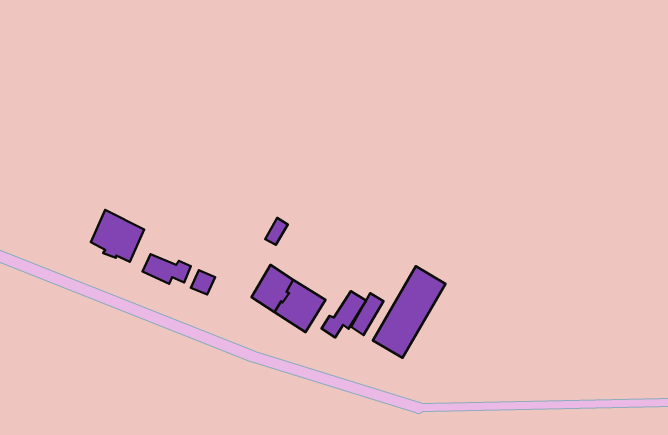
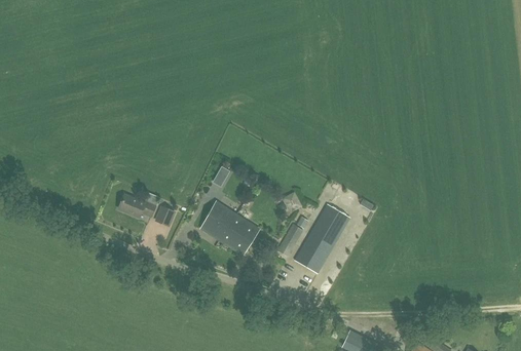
building: [91,210,144,262] -> none
building: [321,291,366,338] -> none

